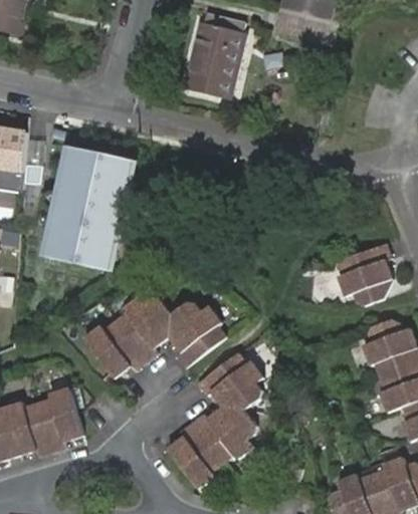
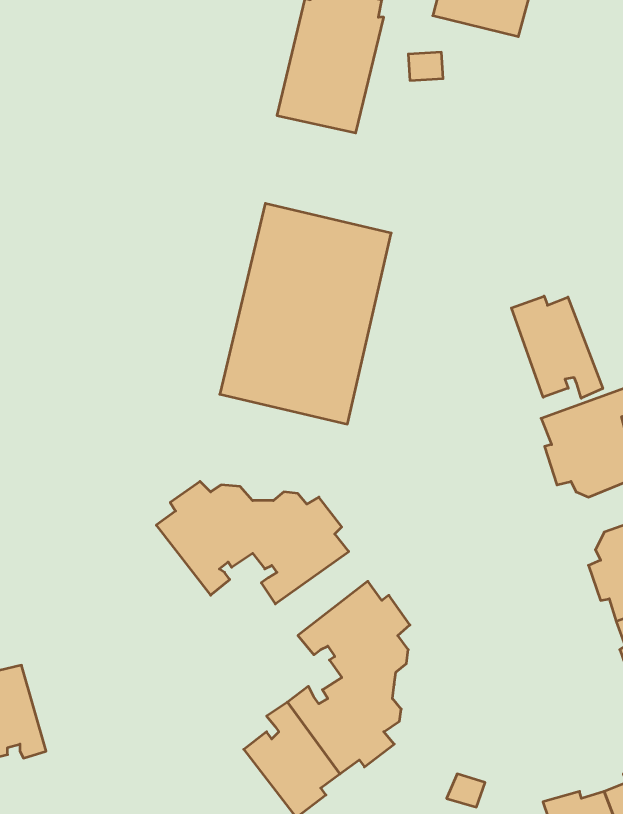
building: [33,143,132,269] -> [220,203,391,424]
building: none -> [511,296,603,398]
building: [85,321,147,376] -> none
building: [38,387,84,451] -> none

